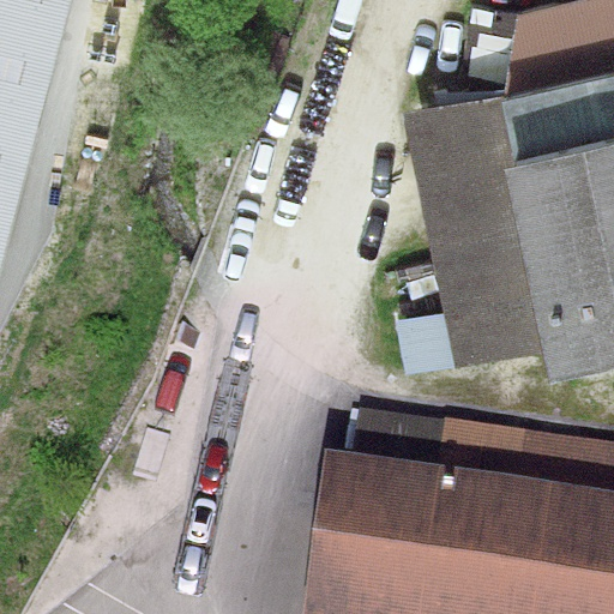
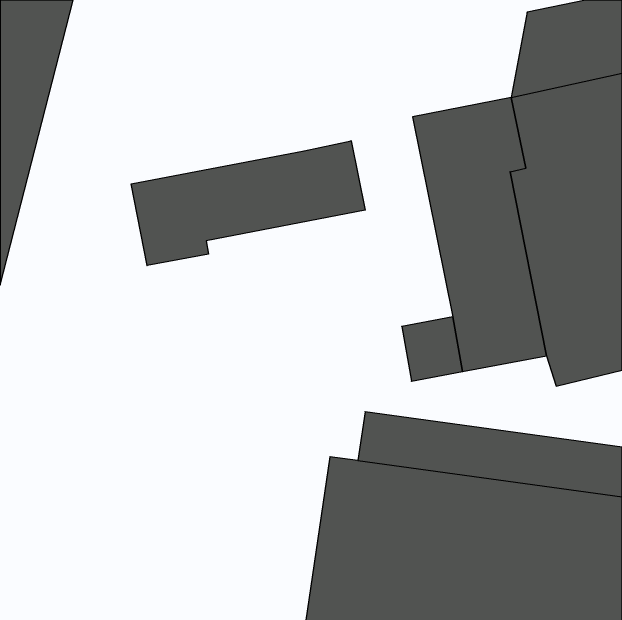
building: none -> [131,141,365,266]

